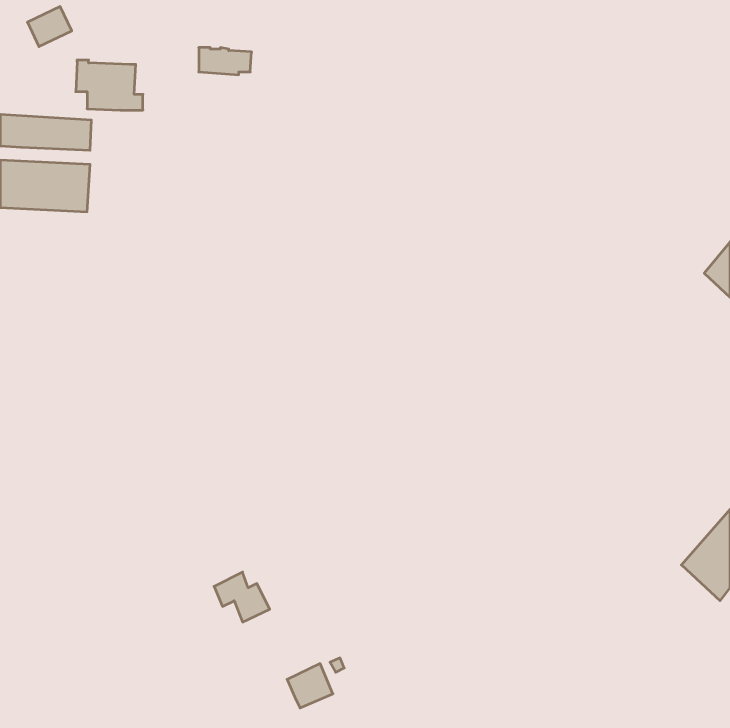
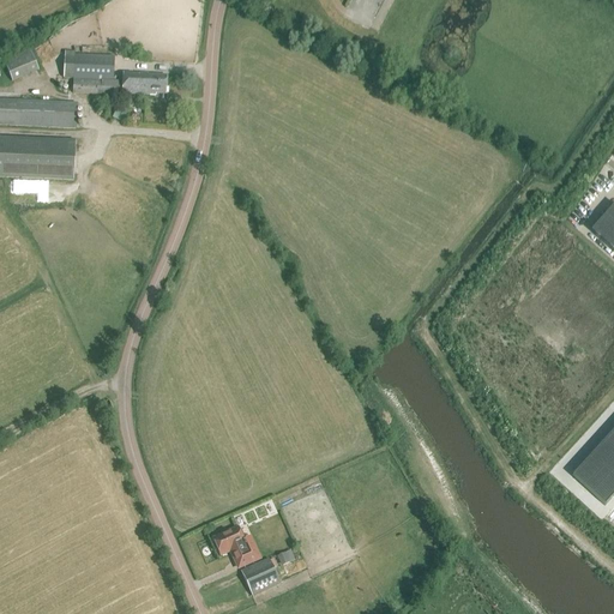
building: [27,7,72,47] -> [7,47,44,80]
building: [199,48,252,75] -> [122,71,167,94]
building: [214,572,270,622] -> [213,525,260,567]

